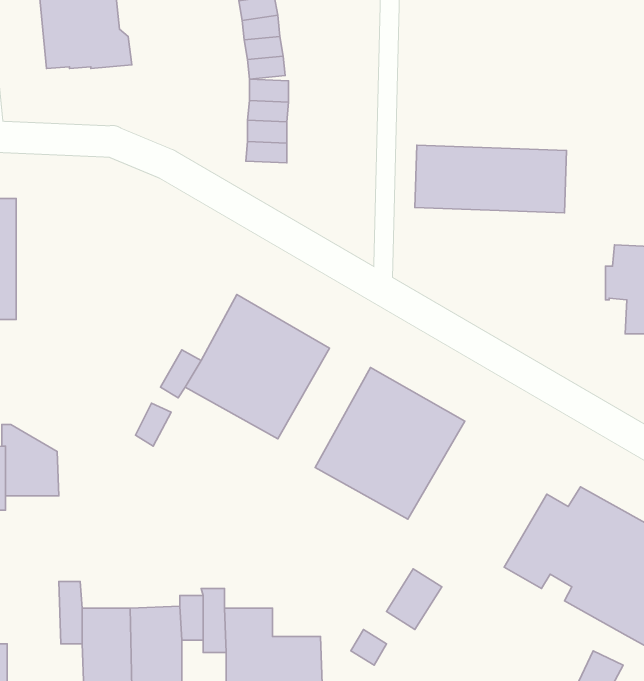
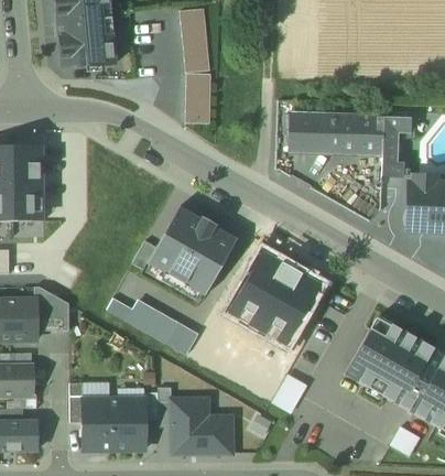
building: none -> [380,116,409,175]
building: none -> [107,298,197,354]

